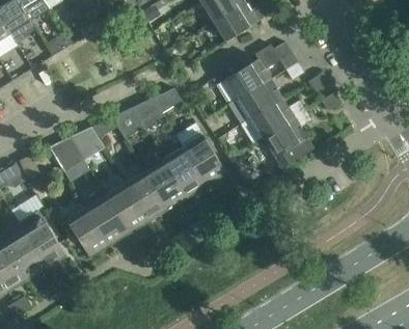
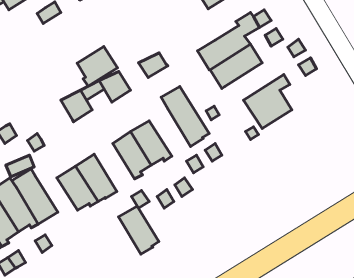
building: none -> [77,47,117,86]
building: [243,98,305,141] -> none
building: [48,137,82,170] -> none
building: [163,146,207,196] -> none
building: [105,183,147,234] -> [118,206,159,254]

